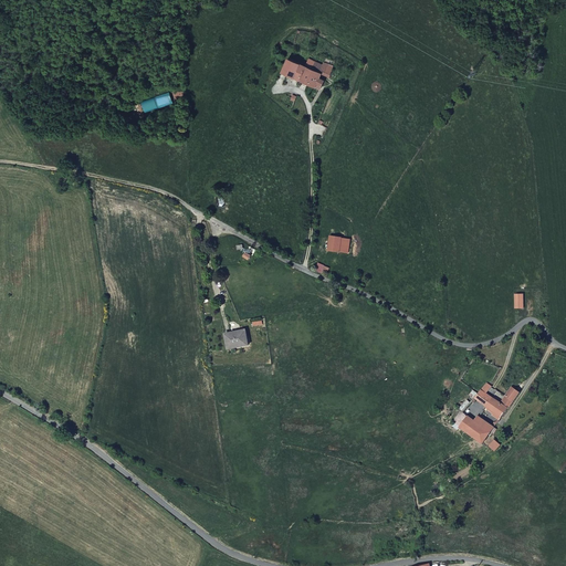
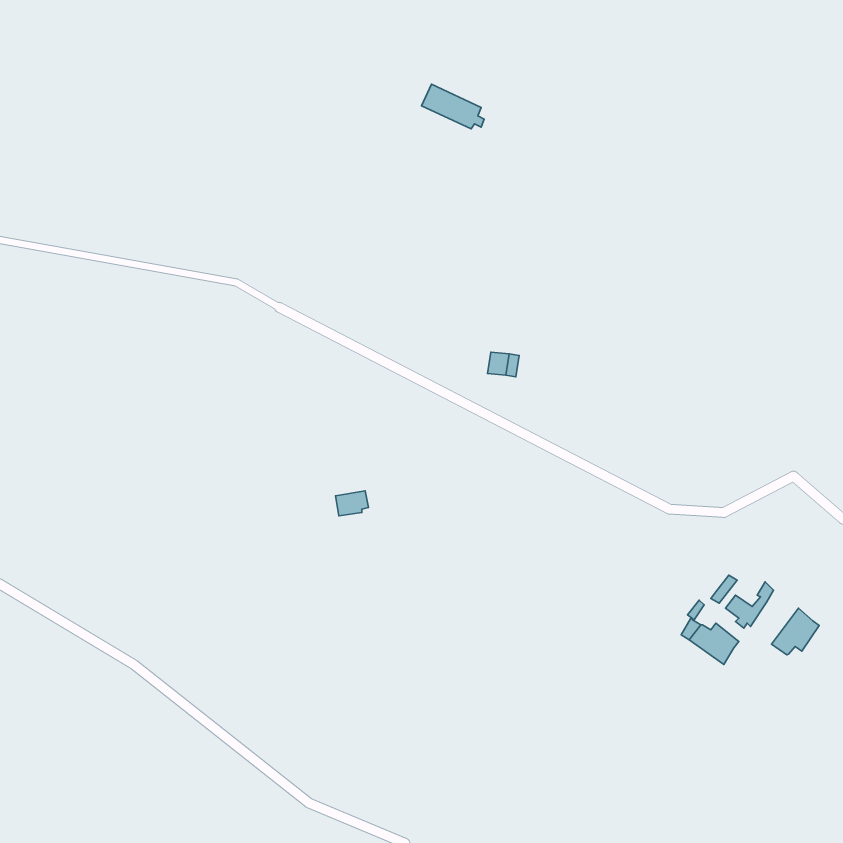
building: none -> [772,608,819,655]

